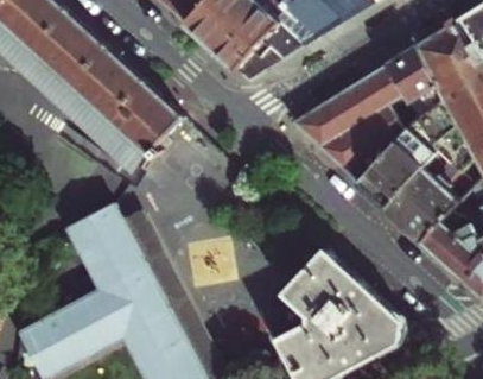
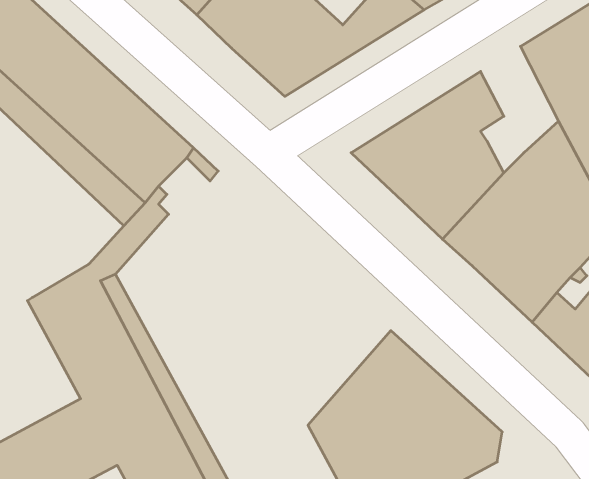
building: [385,44,440,120] -> none

